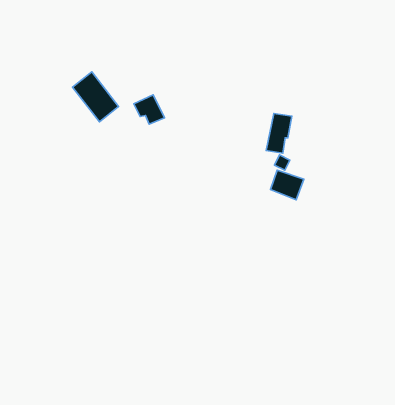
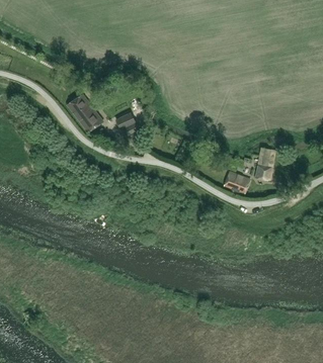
building: [266,114,292,153] -> [255,148,275,179]

